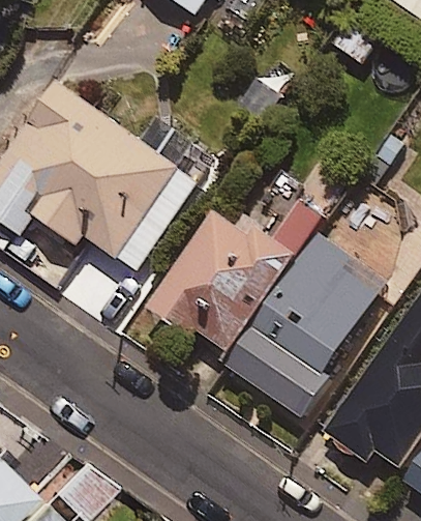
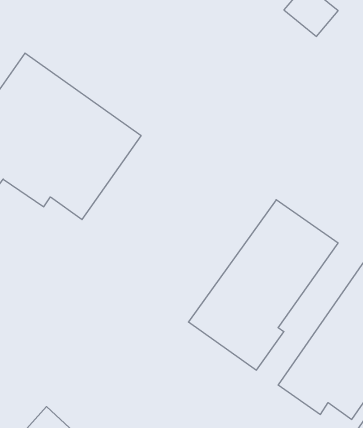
building: [152,198,325,354] -> none

